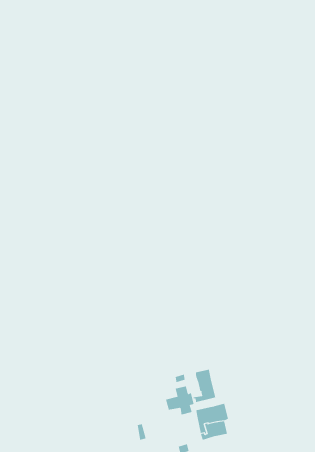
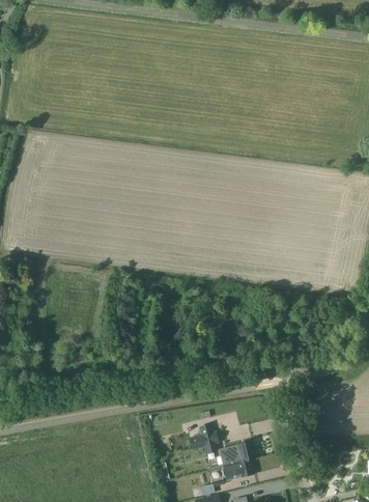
building: [193,369,216,403] -> none

